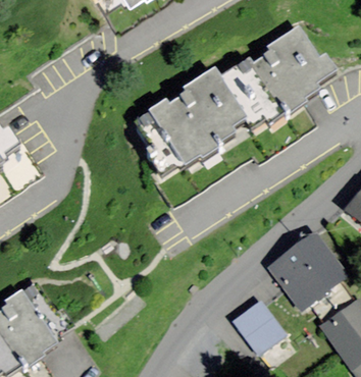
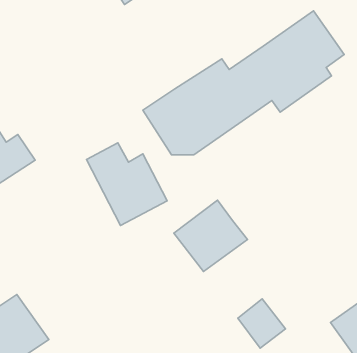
building: none -> [87,143,167,225]
building: [271,235,342,304] -> [174,200,247,272]

